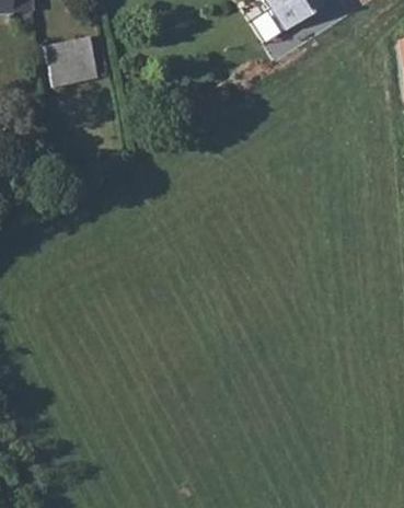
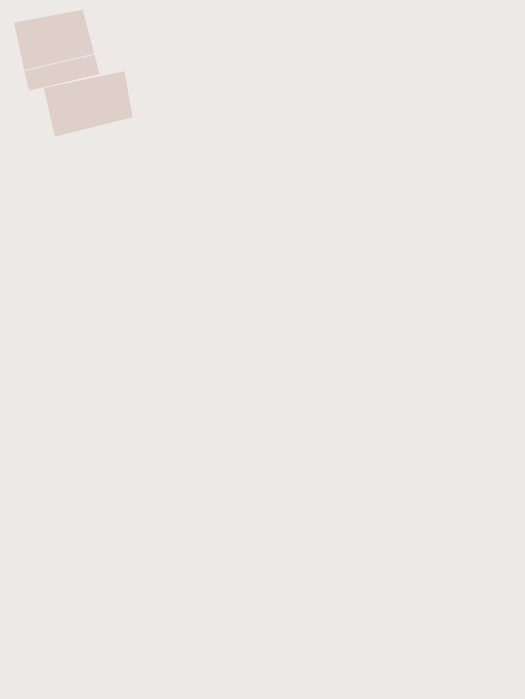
building: none -> [43,71,133,137]

